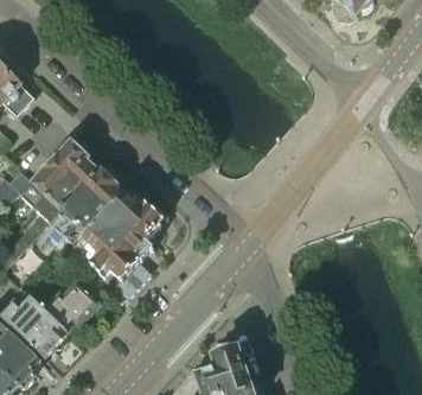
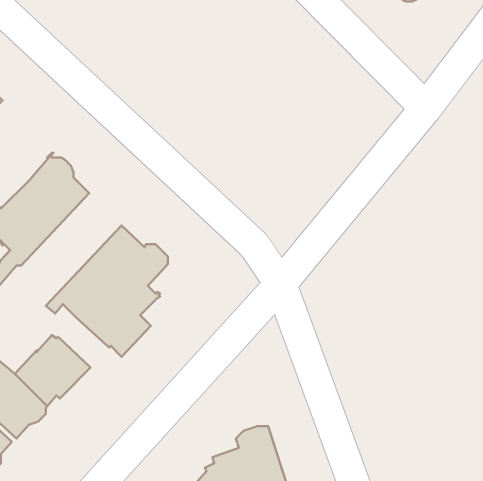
building: [44,167,127,272] -> none

